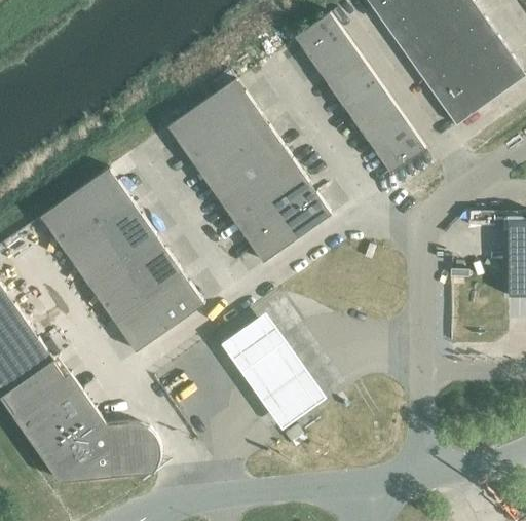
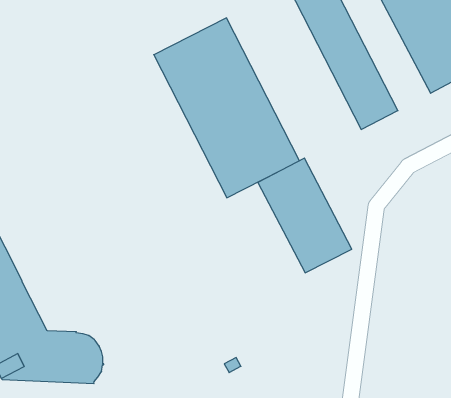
building: [40,168,204,351] -> none
building: [221,309,327,426] -> [258,158,352,273]

